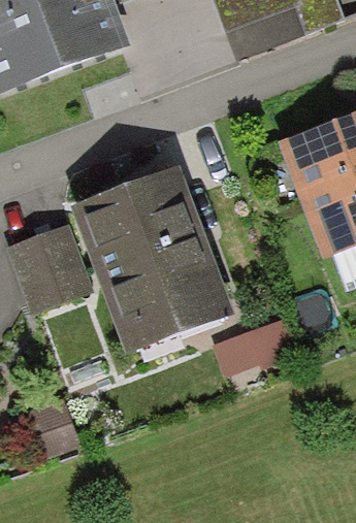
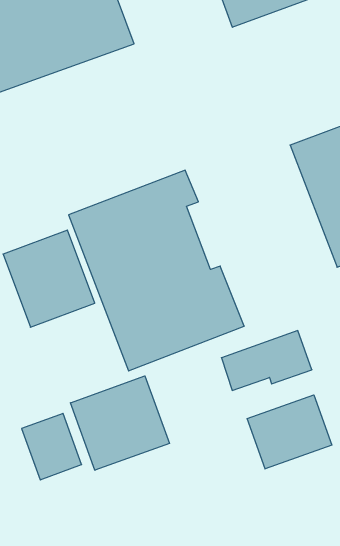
building: none -> [70,376,169,470]
building: none -> [247,395,332,469]

